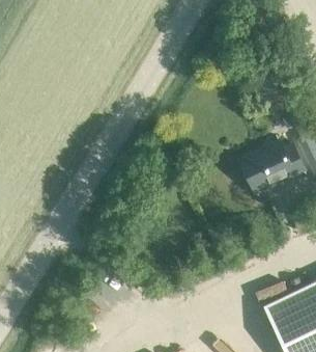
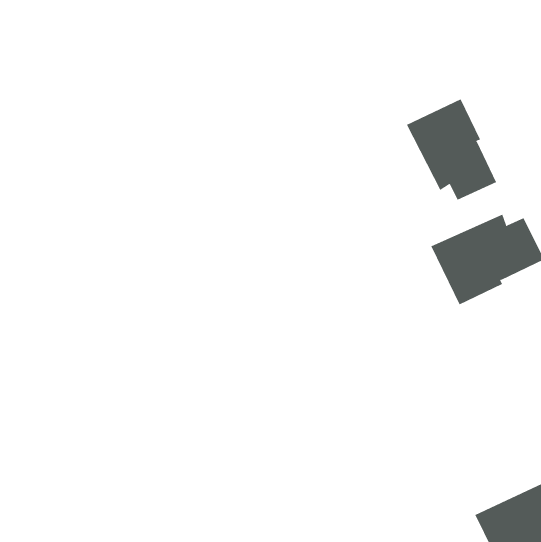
building: none -> [406,98,497,201]

